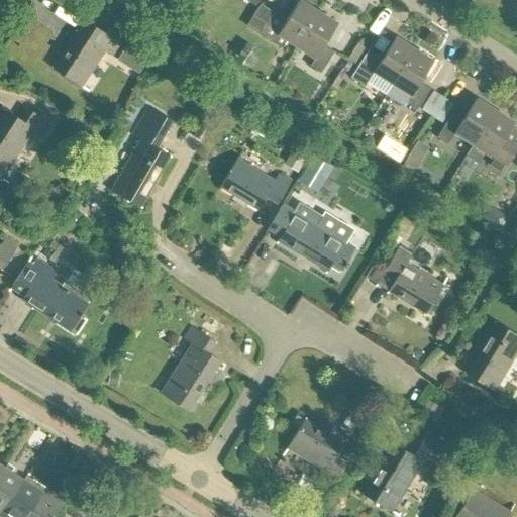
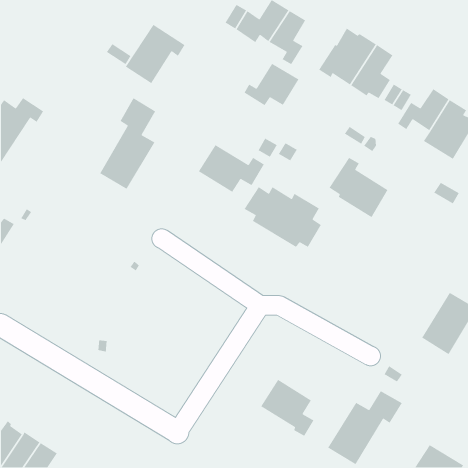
building: [55,20,121,87] -> [125,24,186,84]
building: none -> [243,63,300,106]
building: [378,248,443,316] -> [329,157,388,218]
building: [14,257,99,338] -> none
building: [161,326,224,413] -> none

